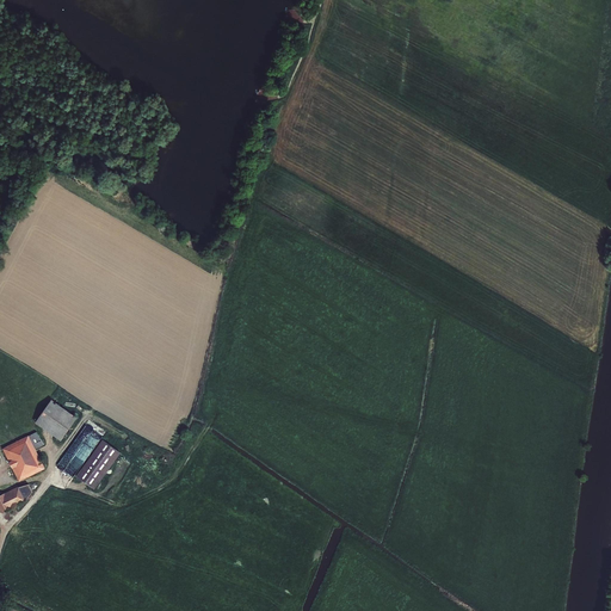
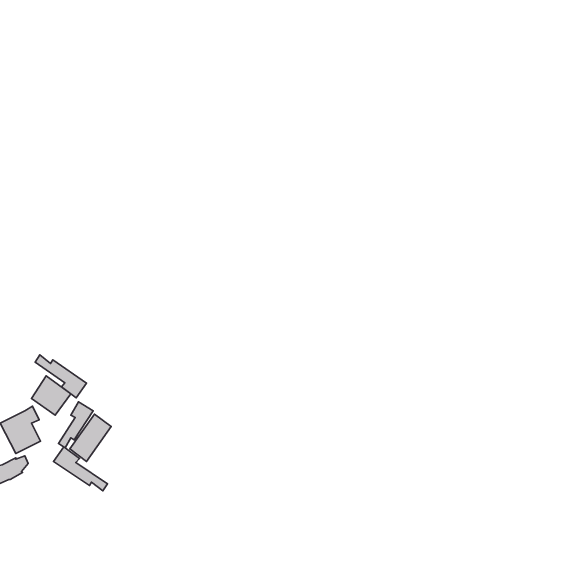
building: none -> [35,355,87,398]
building: none -> [54,447,108,491]

